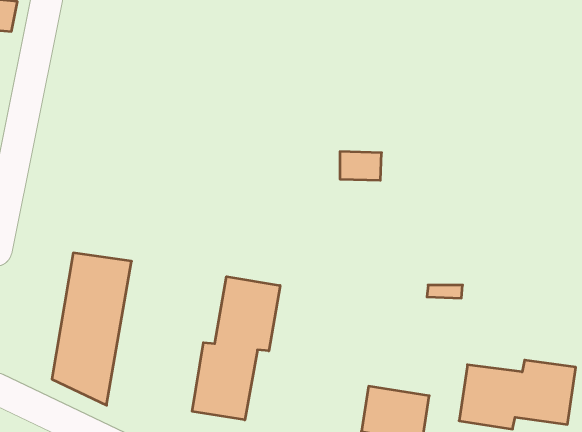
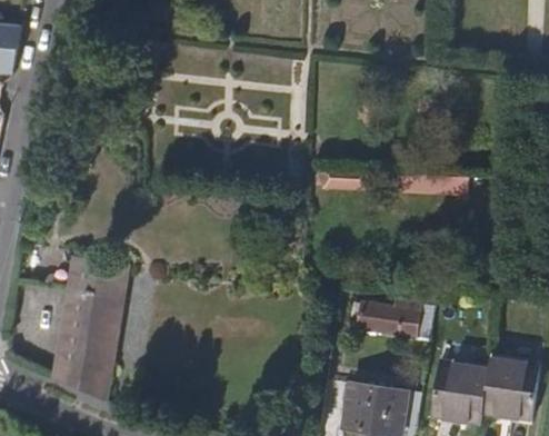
building: [192,277,280,420] -> none
building: none -> [359,305,433,339]

